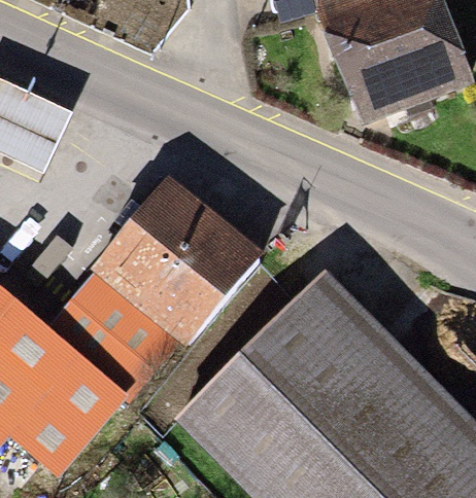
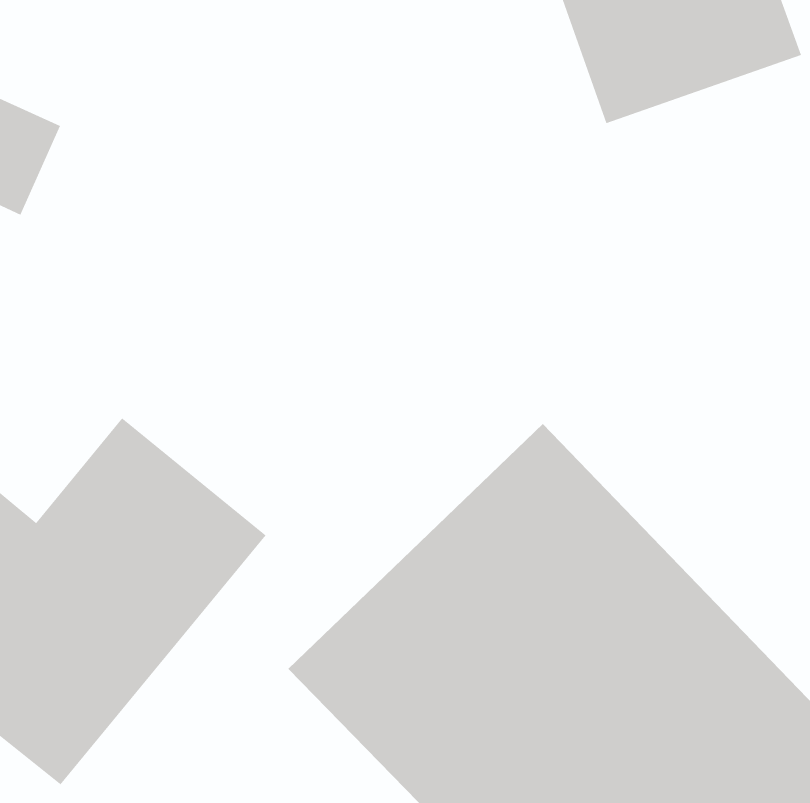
building: [98,183,254,340] -> none

